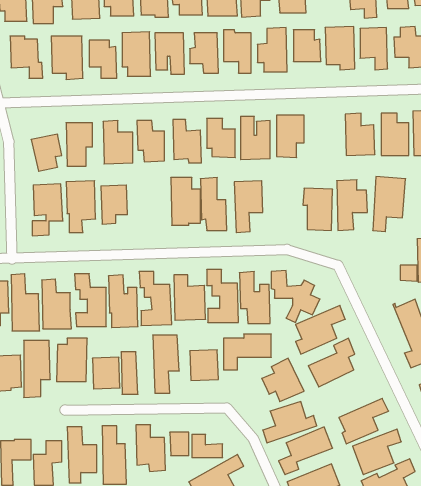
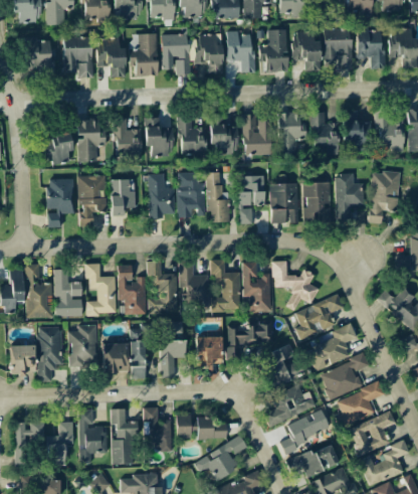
building: none -> [309,112,340,152]
building: none -> [148,173,175,218]
building: none -> [270,183,299,223]
building: none -> [321,355,369,398]

